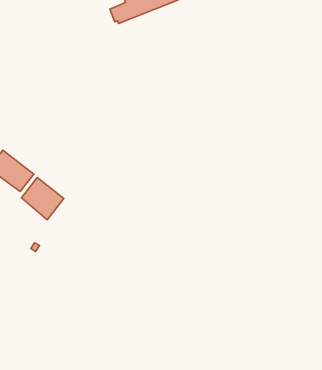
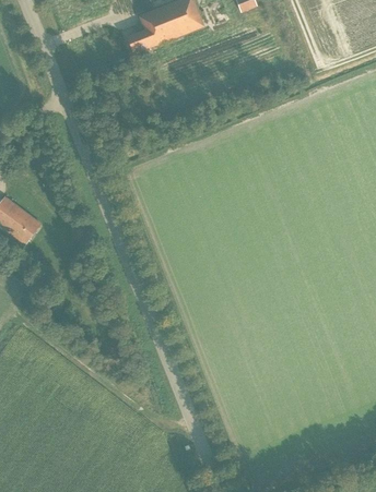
building: [22,178,64,220] -> none

